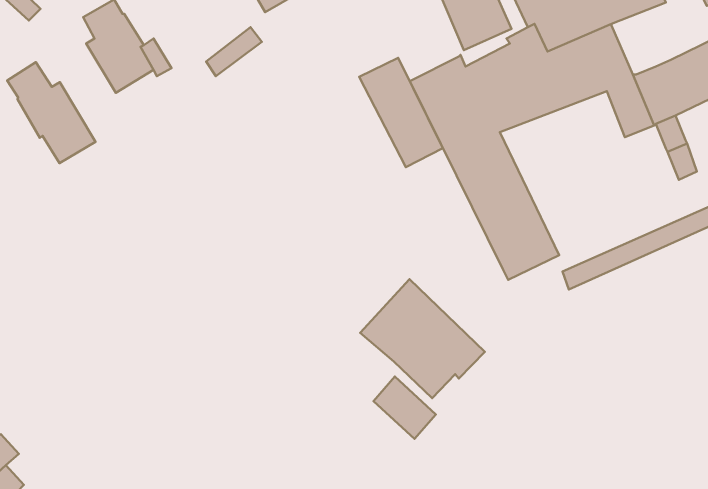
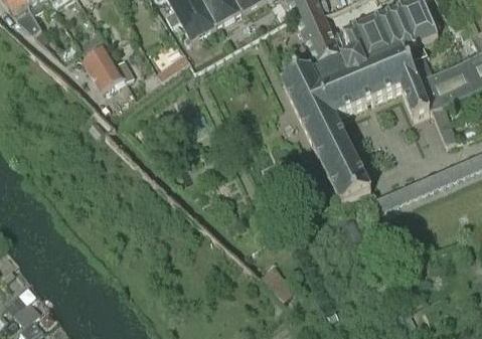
building: [359,58,443,167] -> none
building: [7,62,96,163] -> none
building: [360,279,485,398] -> none

